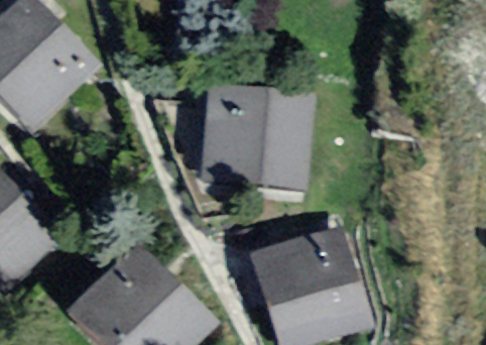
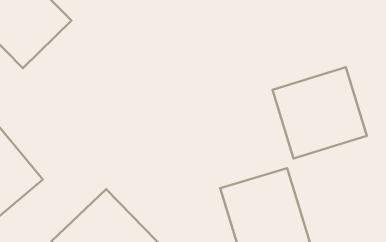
building: [212,85,301,193] -> none
building: none -> [273,67,367,159]

